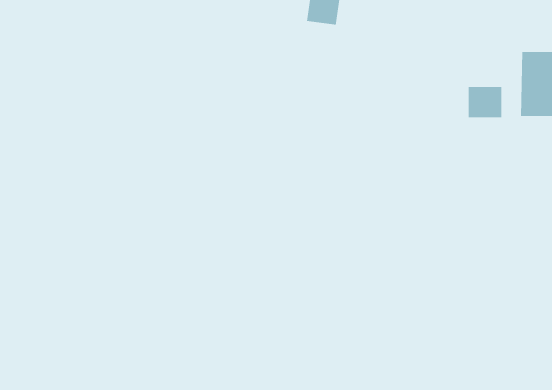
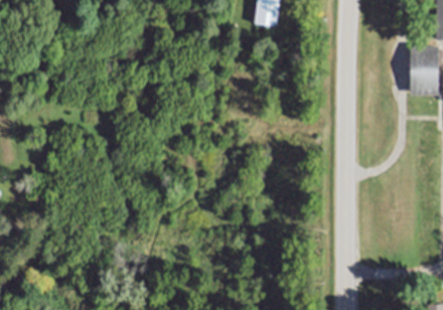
building: [468,86,502,118] -> none

